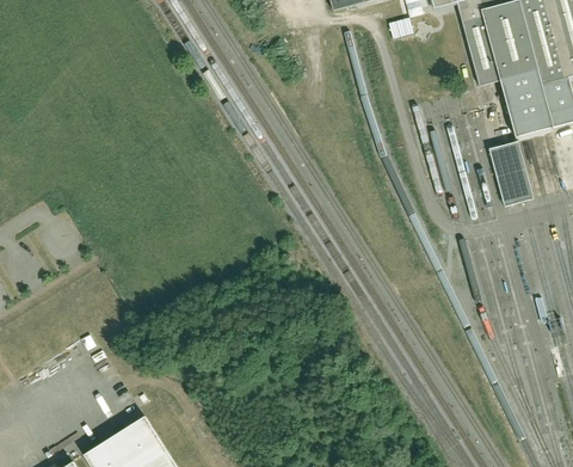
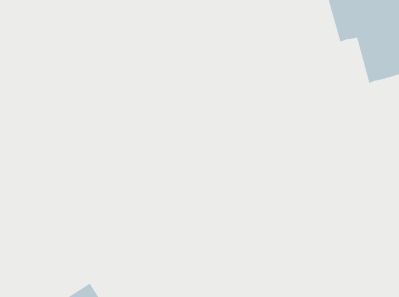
building: [491,143,531,205] -> none

